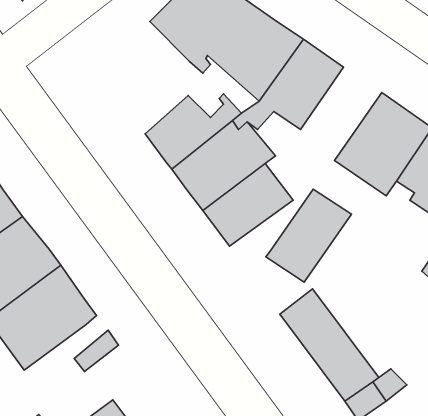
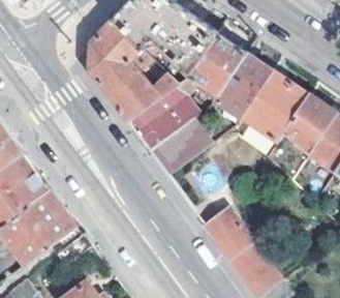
building: none -> [88,19,141,97]
building: [266,189,352,282] -> [215,51,275,116]

